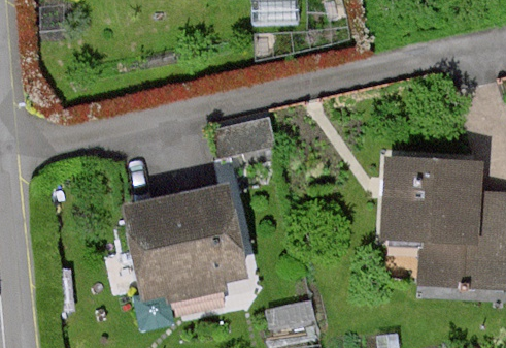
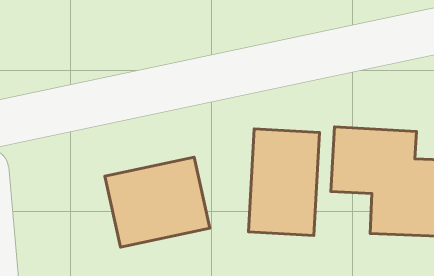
building: none -> [249,129,319,236]

